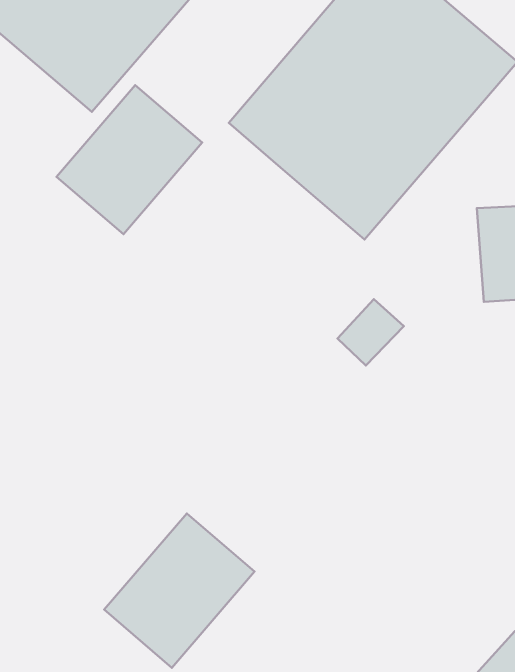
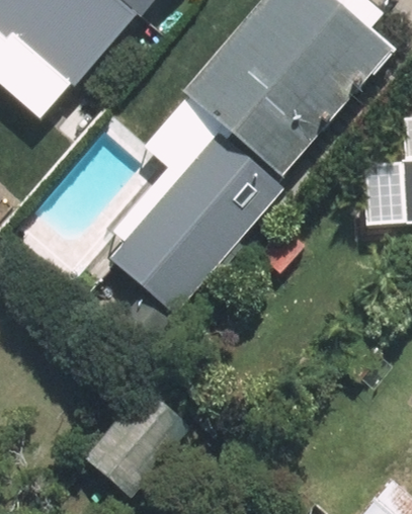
building: [57,85,202,234] -> none
building: none -> [106,127,285,314]

